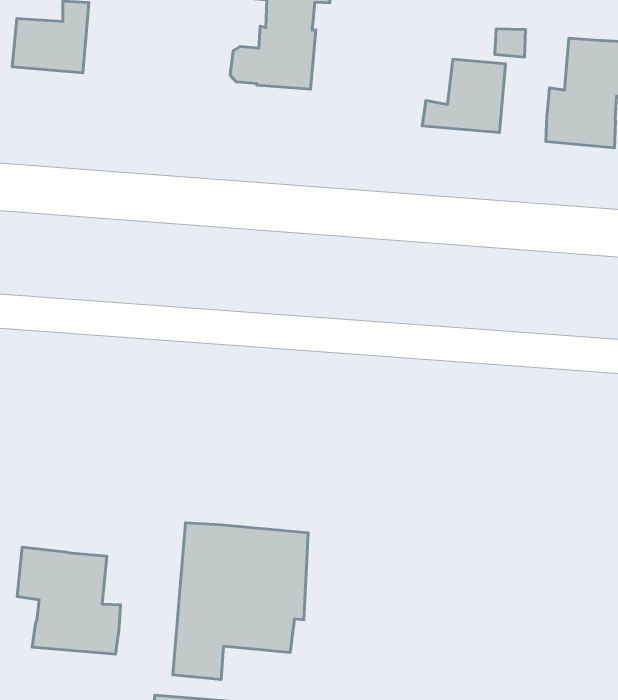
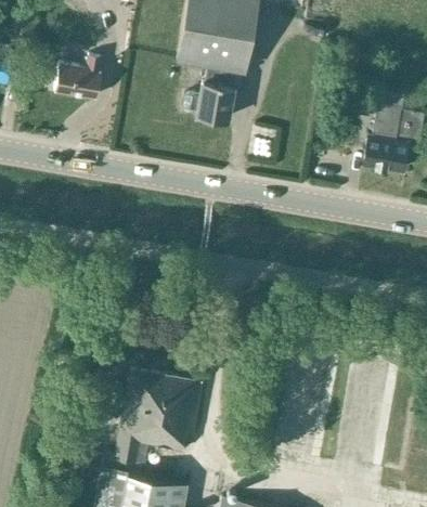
building: [422,59,506,133] -> none
building: [17,547,121,654] -> none

